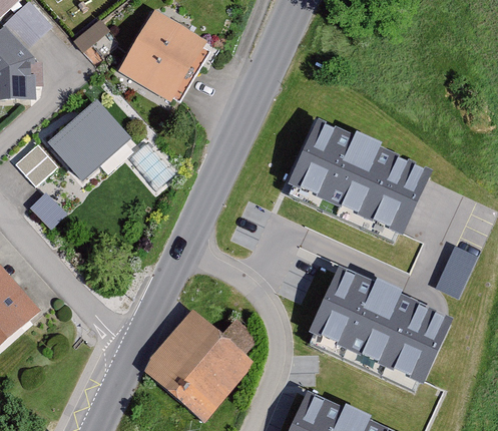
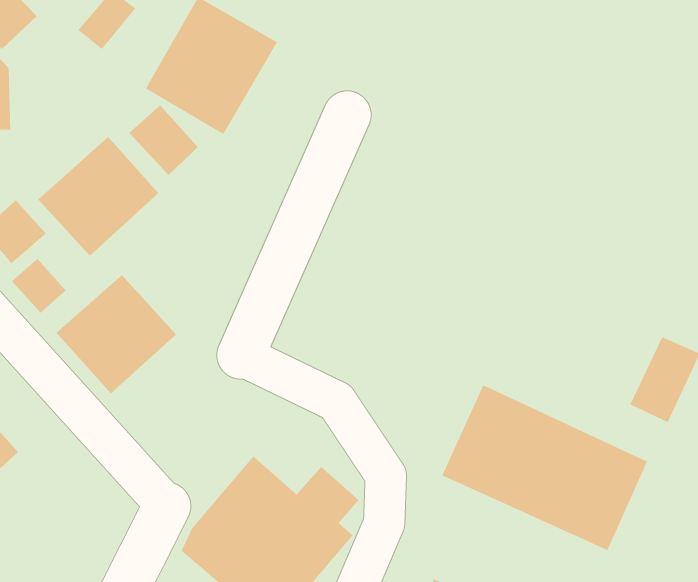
building: none -> [129,105,198,176]
building: [291,116,427,225] -> none
building: none -> [55,274,177,394]

